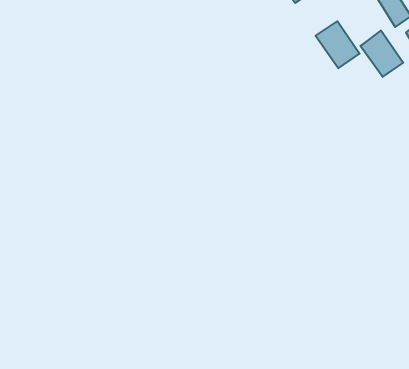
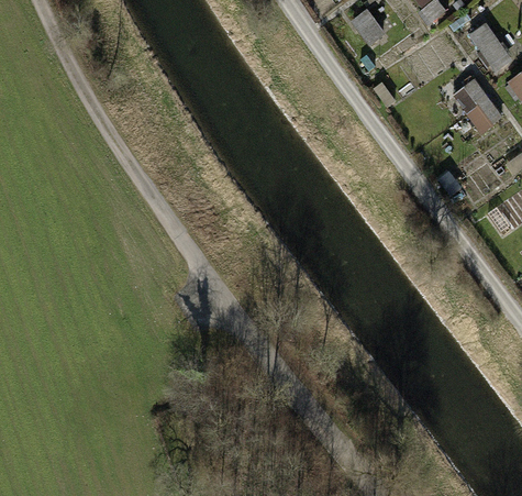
building: [316,21,360,68] -> none

